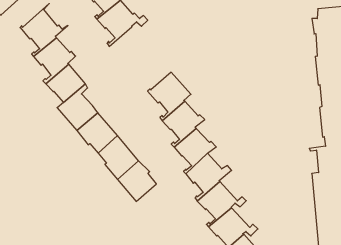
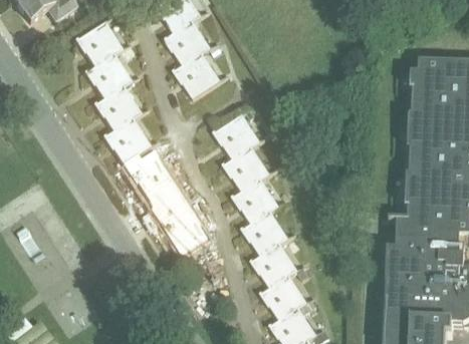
building: none -> [174,54,222,98]

